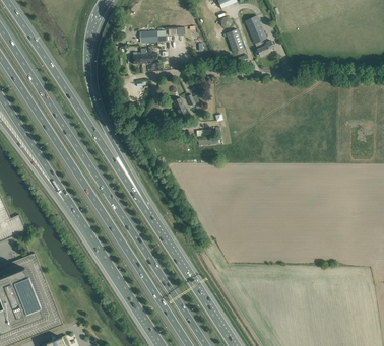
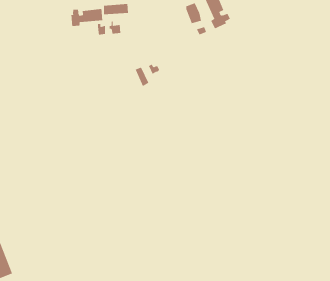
building: none -> [71,8,103,27]

